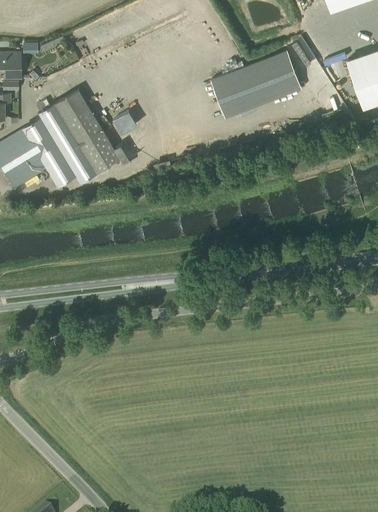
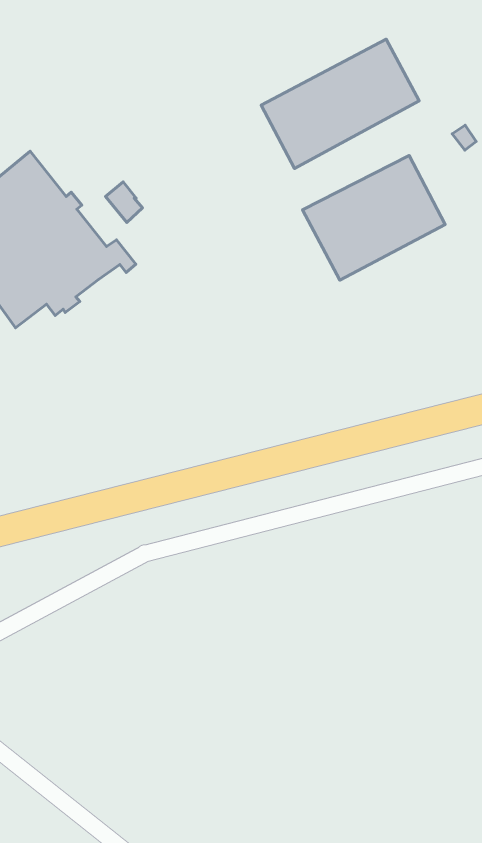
building: none -> [302,155,445,280]

